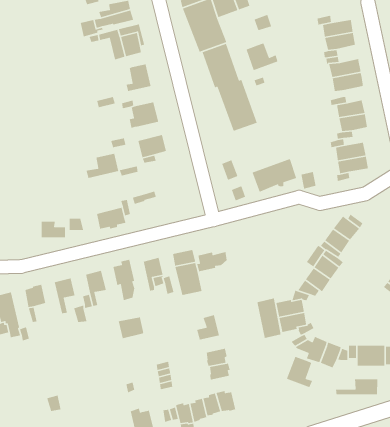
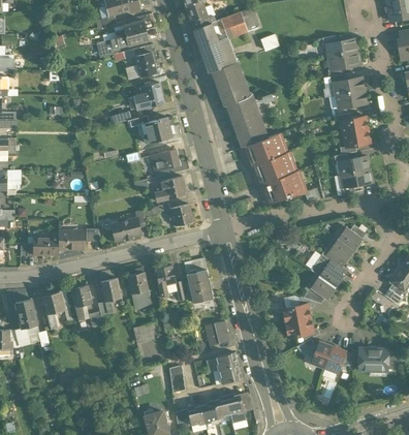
building: [245,43,278,71] -> none
building: none -> [241,134,293,186]
building: [86,153,119,179] -> [154,177,186,201]
building: none -> [166,205,193,226]
building: none -> [34,238,59,254]
building: [196,251,227,272] -> none
building: [257,297,281,339] -> none
building: [286,356,313,388] -> none
building: [335,379,378,395] -> none

